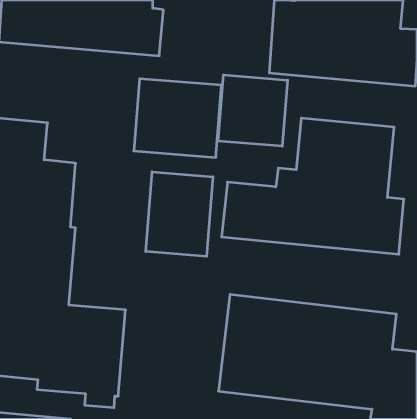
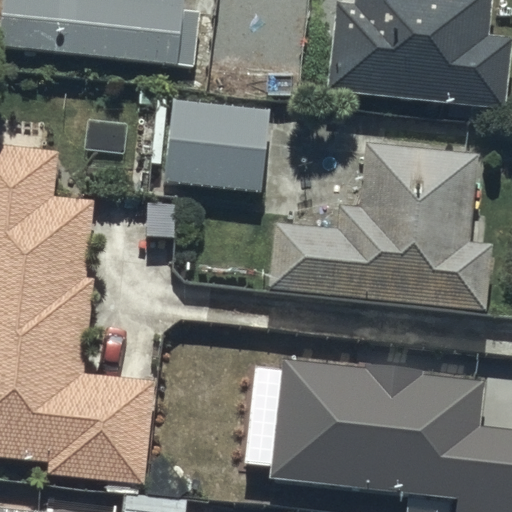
building: [218,75,288,146] -> none
building: [146,172,213,256] -> none

